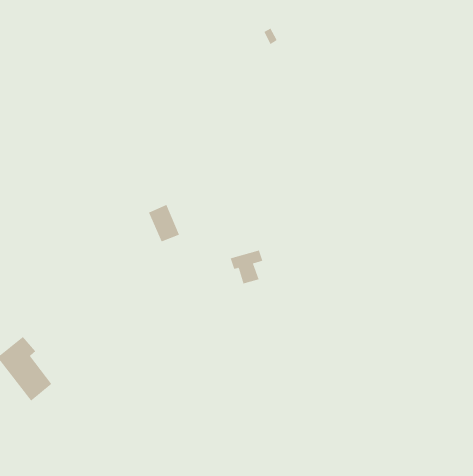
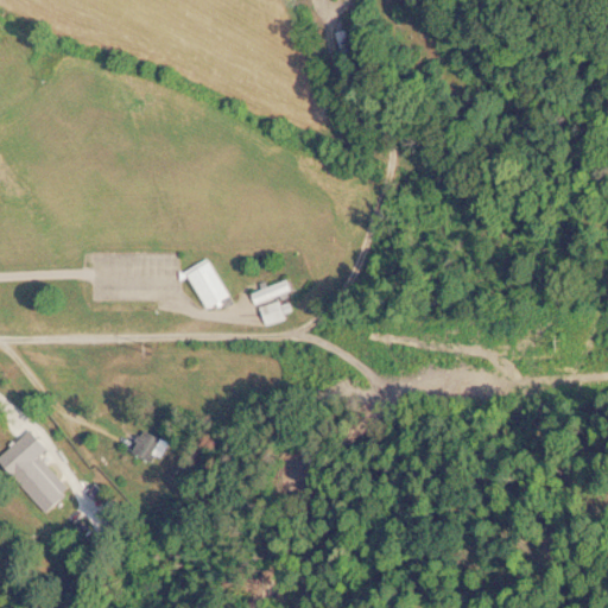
building: [230,250,263,284] -> [248,280,291,324]
building: none -> [132,430,166,463]

